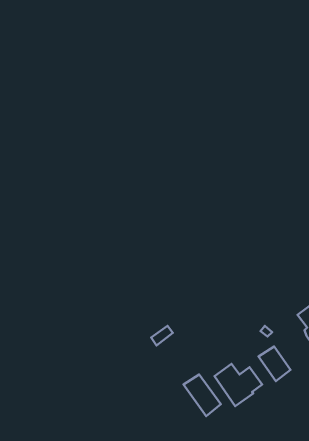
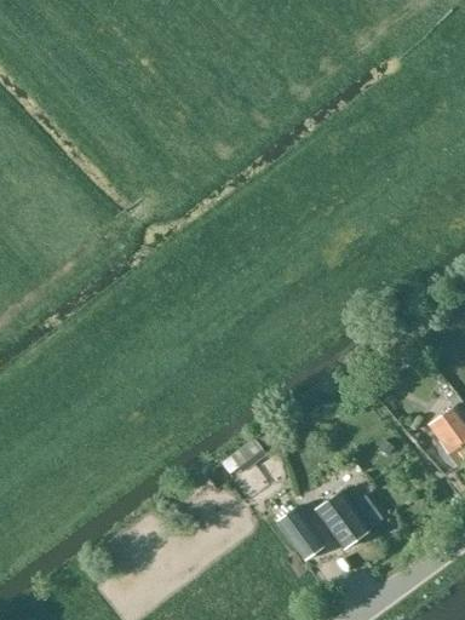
building: [258,346,290,381] -> none

